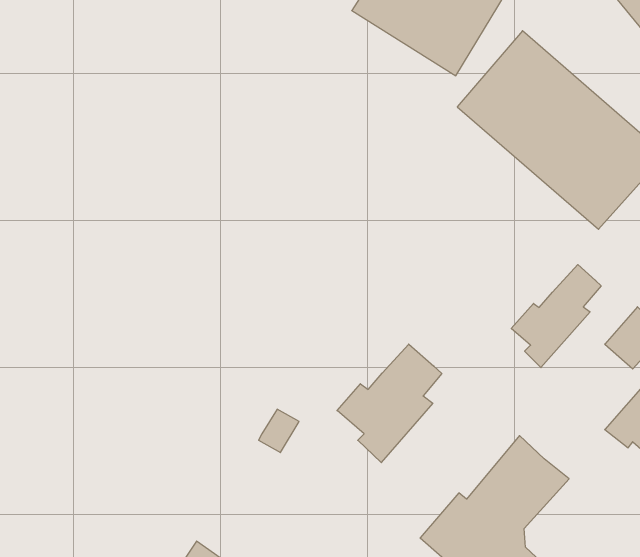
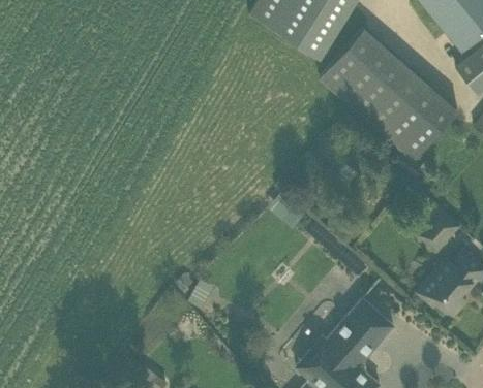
building: [511,265,601,368] -> none
building: [337,344,442,463] -> none

